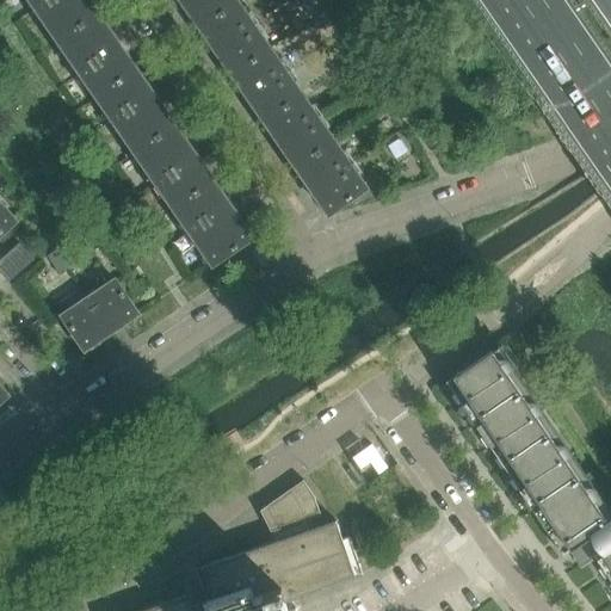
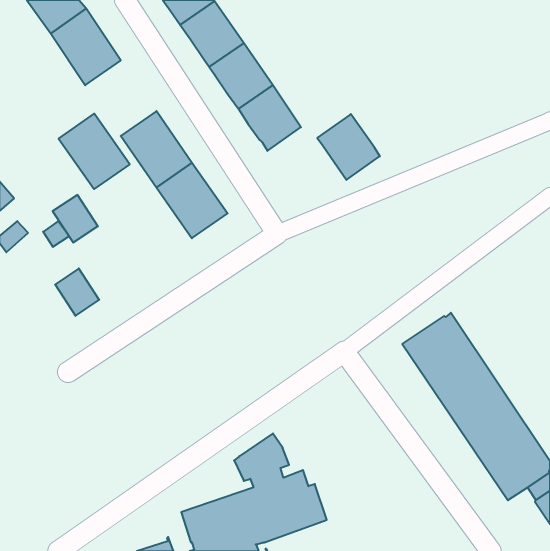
building: [94,67,173,150] -> [59,114,130,189]
building: [296,141,365,214] -> [317,114,380,180]
building: [87,279,137,332] -> [53,195,98,242]

